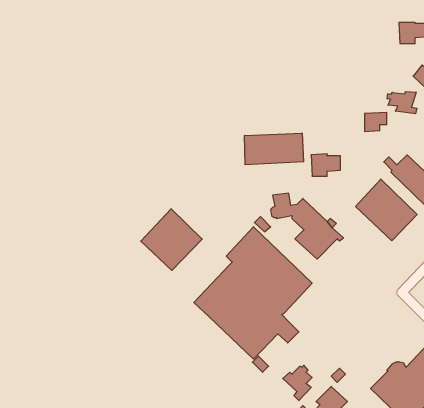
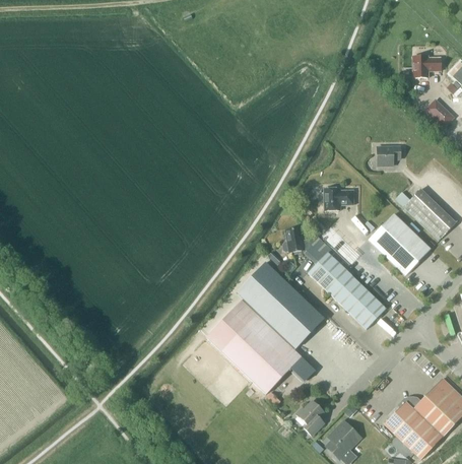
building: [387,92,417,114] -> none
building: [245,133,304,165] -> none
building: [141,209,202,270] -> none
building: none -> [330,273,387,329]

